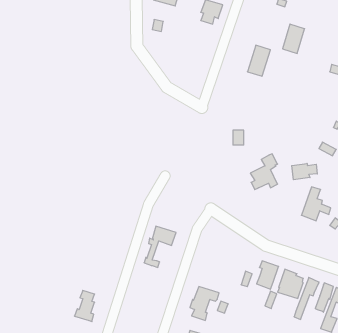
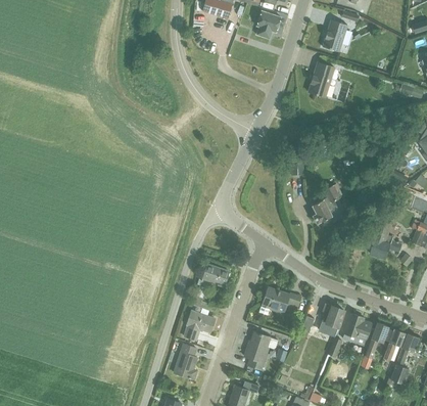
building: [283,24,305,53] -> [323,18,347,51]
building: [292,163,317,180] -> none
building: none -> [258,286,301,314]
building: none -> [184,308,215,340]
building: [74,290,95,322] -> [174,344,196,378]

